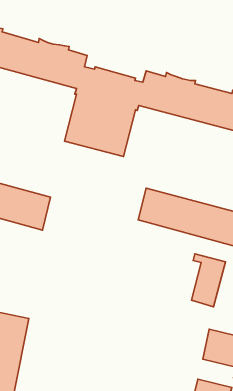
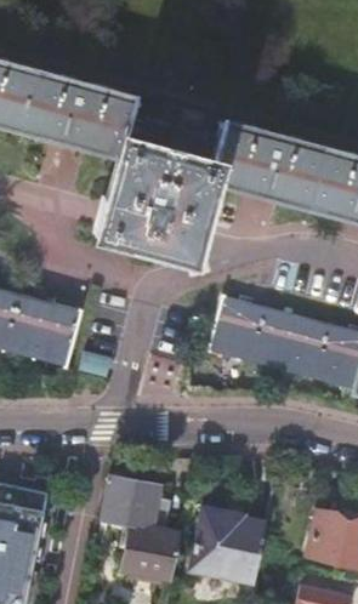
building: [191,254,225,307] -> none
building: none -> [101,477,178,588]
building: none -> [191,507,266,582]

